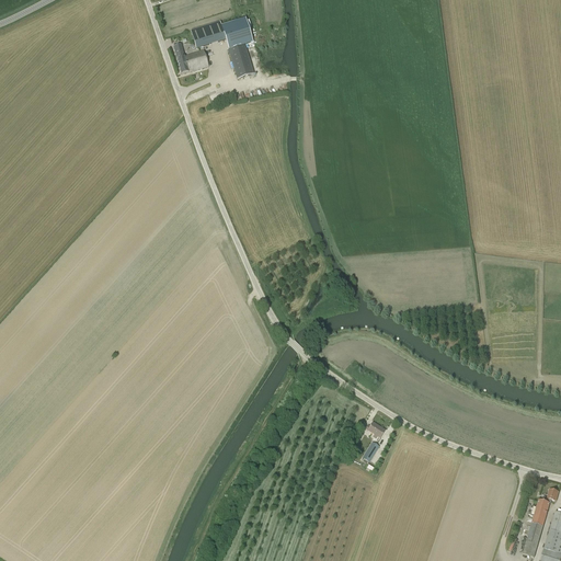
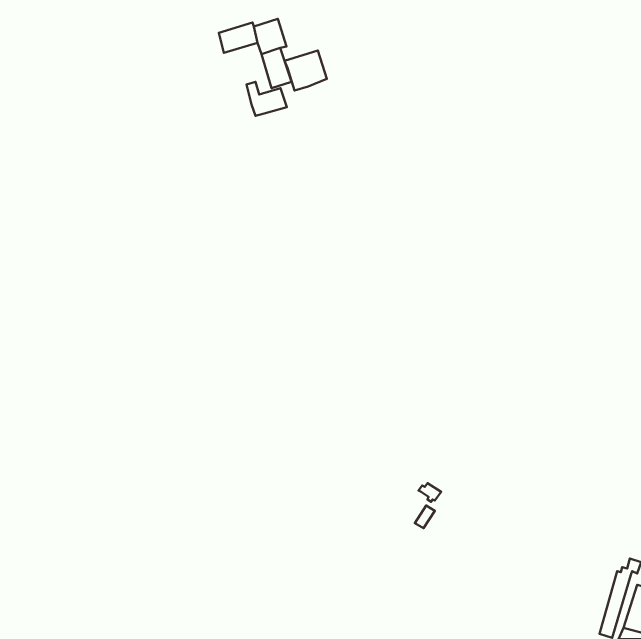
building: [174,43,209,72] -> [247,82,287,116]
building: none -> [285,50,327,91]

